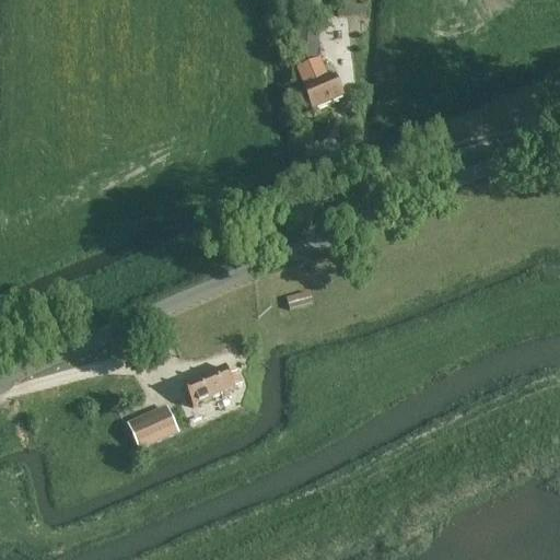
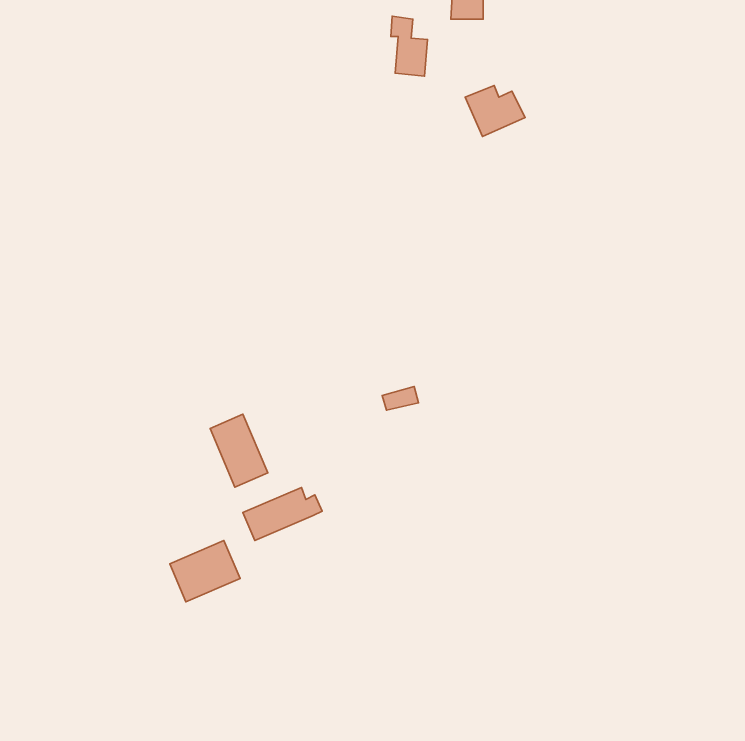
building: [301,70,346,108] -> [465,85,525,137]
building: none -> [210,414,268,487]

